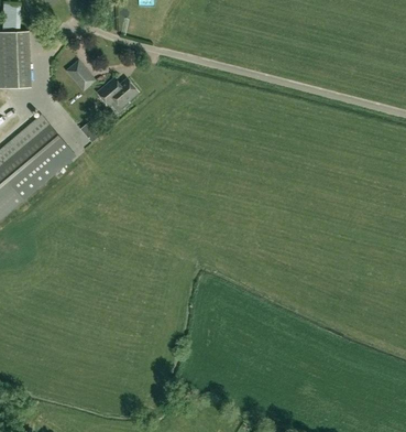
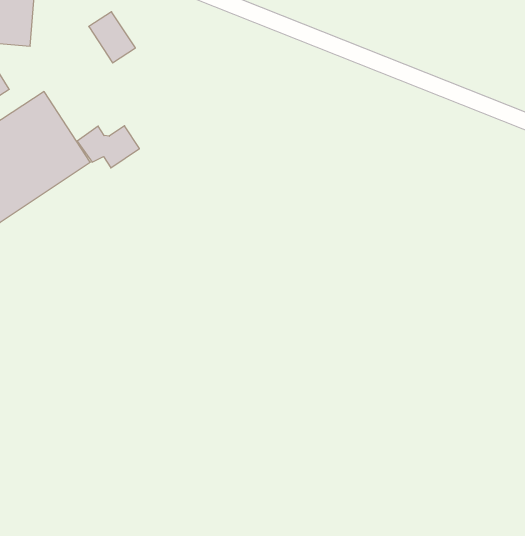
building: [98,78,138,106] -> [77,126,139,168]

